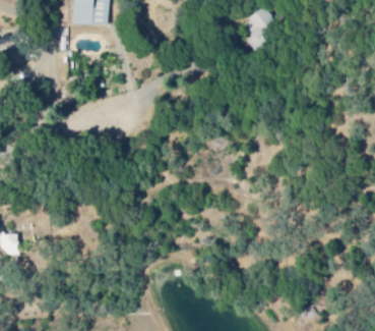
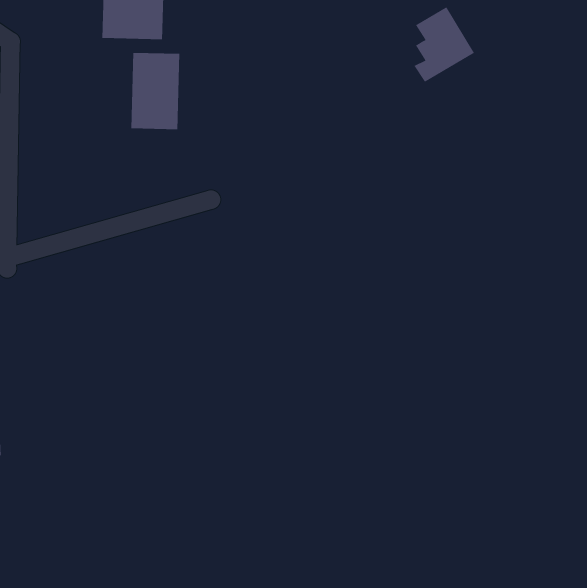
building: none -> [131,52,180,130]

